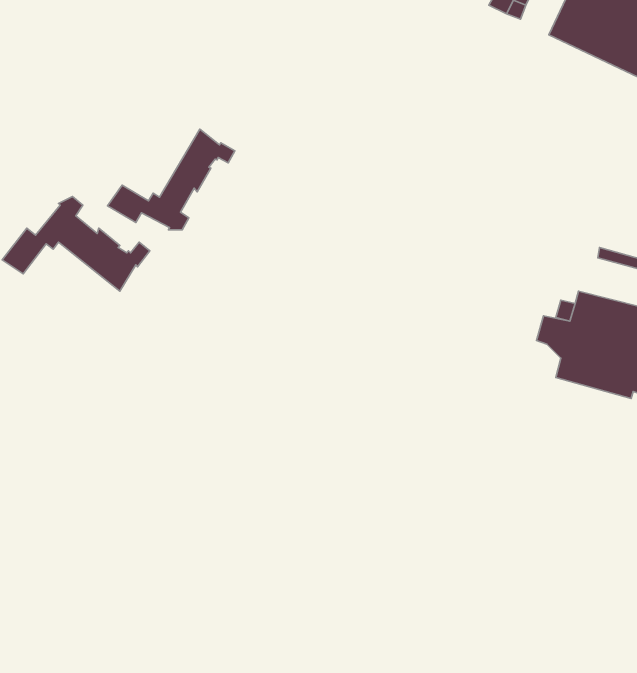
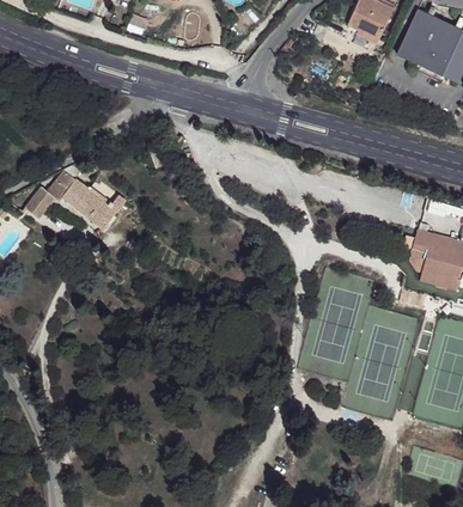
building: [107,129,235,230] -> none

